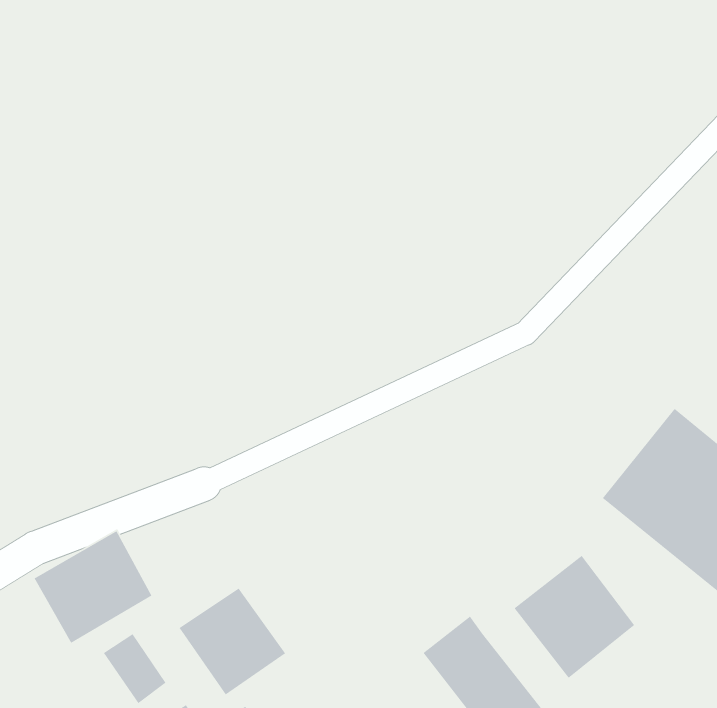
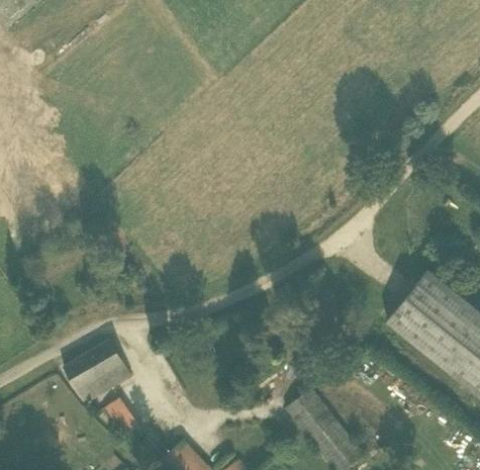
building: [514,555,635,679] -> none
building: [179,588,286,695] -> none

